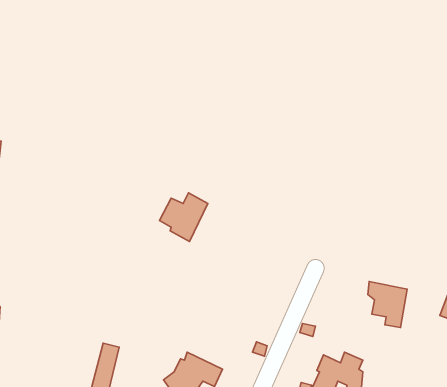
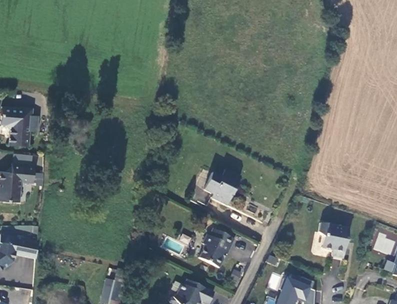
building: [160,193,208,241] -> [203,168,240,205]
building: none -> [198,228,234,268]

